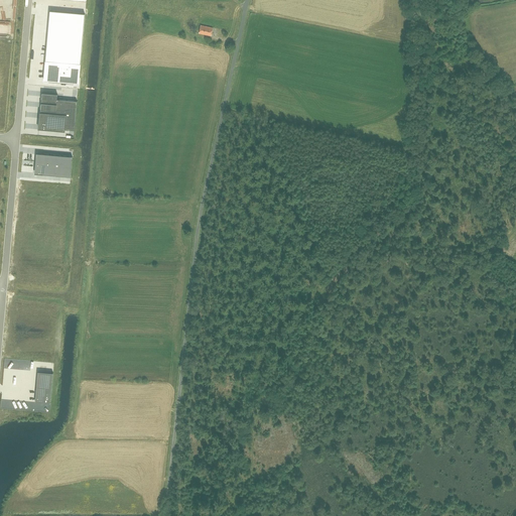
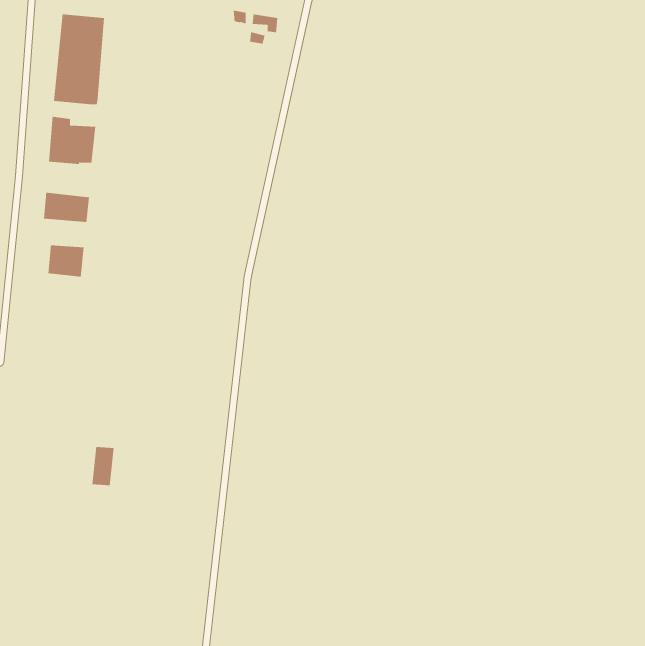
building: none -> [48,245,84,278]
building: [34,372,52,403] -> [92,447,114,486]

